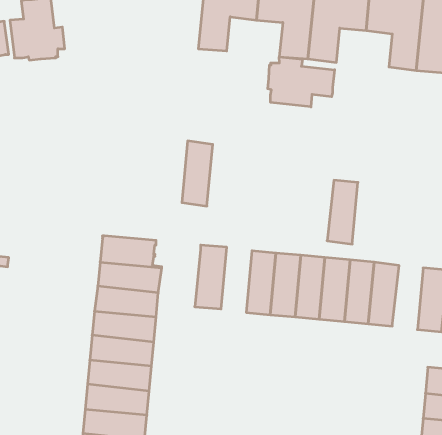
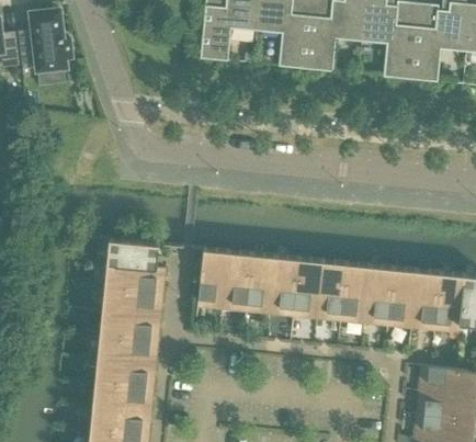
building: [268,57,335,107] -> none
building: [182,141,213,206] -> [222,250,251,313]
building: [327,180,358,244] -> [386,268,416,329]

